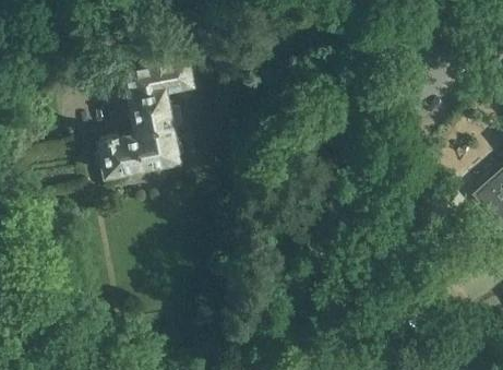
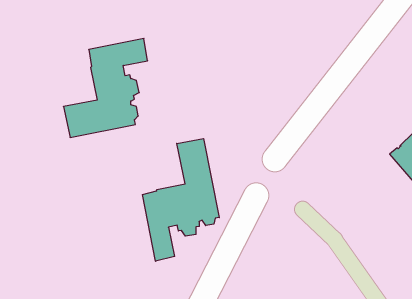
building: none -> [142,139,219,261]

